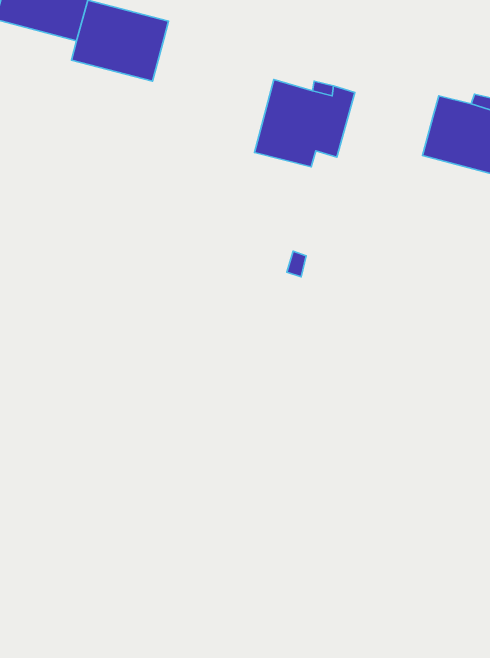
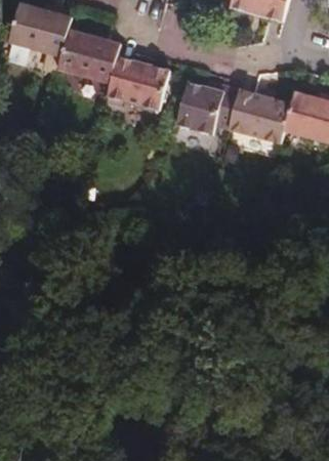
building: none -> [106,55,166,110]
building: none -> [225,89,287,144]

